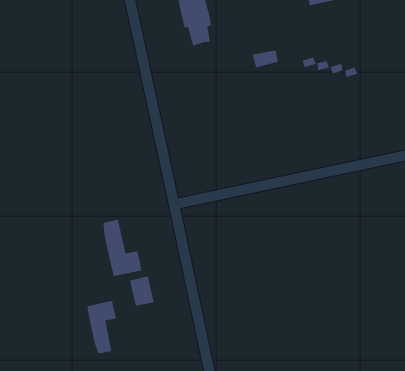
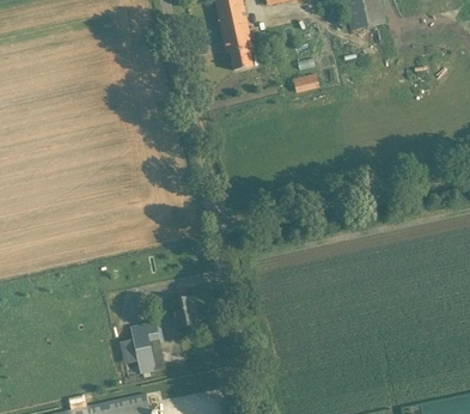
building: [103,219,143,277] -> none

